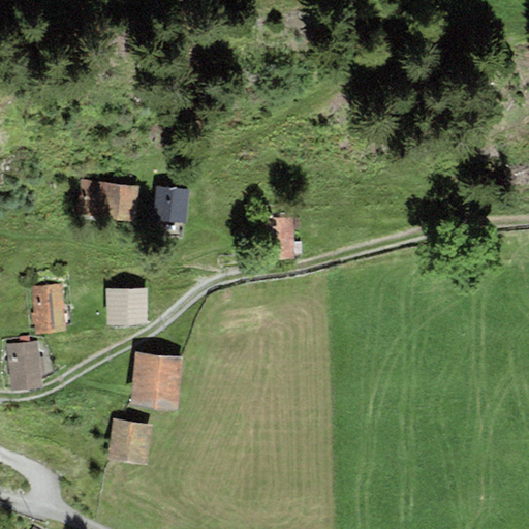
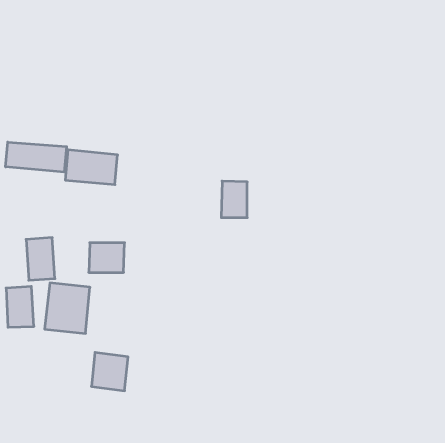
building: none -> [6,142,67,172]
building: [154,186,188,222] -> none
building: [129,350,183,410] -> [45,283,90,333]

